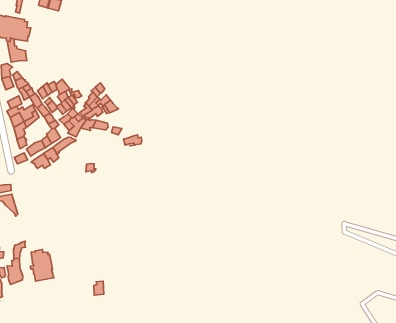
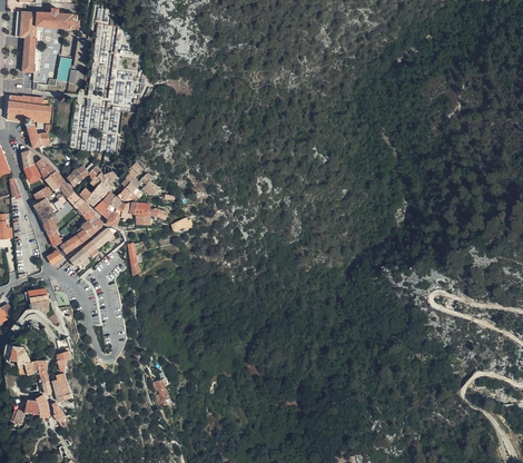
building: [30,250,54,281] -> none

